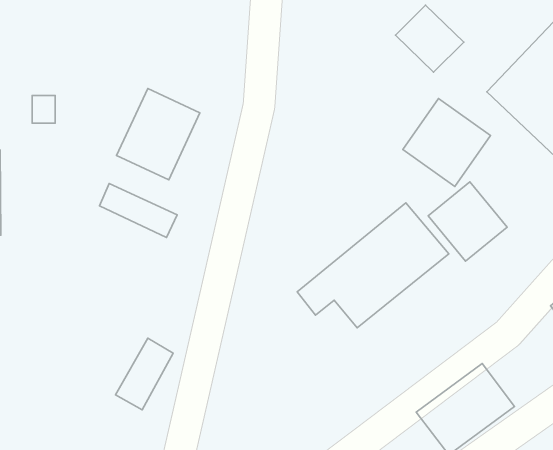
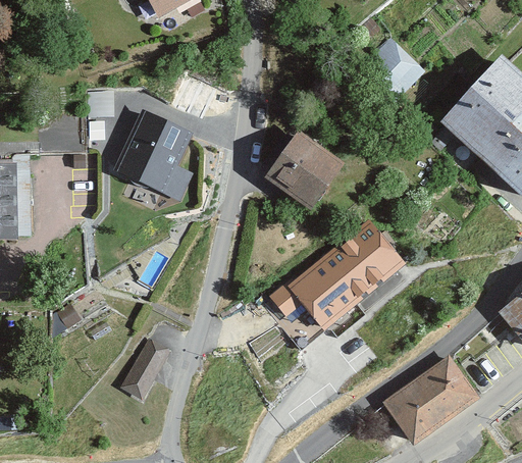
building: [403,99,491,186] -> [264,135,342,212]
building: [428,182,507,261] -> none
building: [100,183,177,238] -> none

